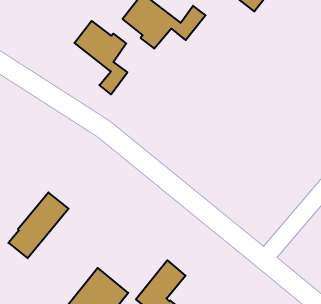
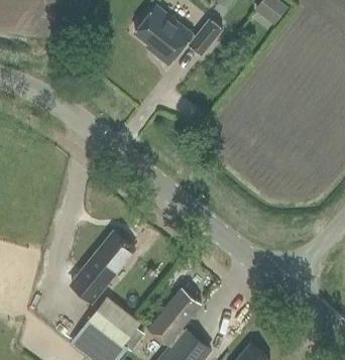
building: [74,21,127,94] -> none
building: [8,192,69,258] -> [71,232,134,302]

